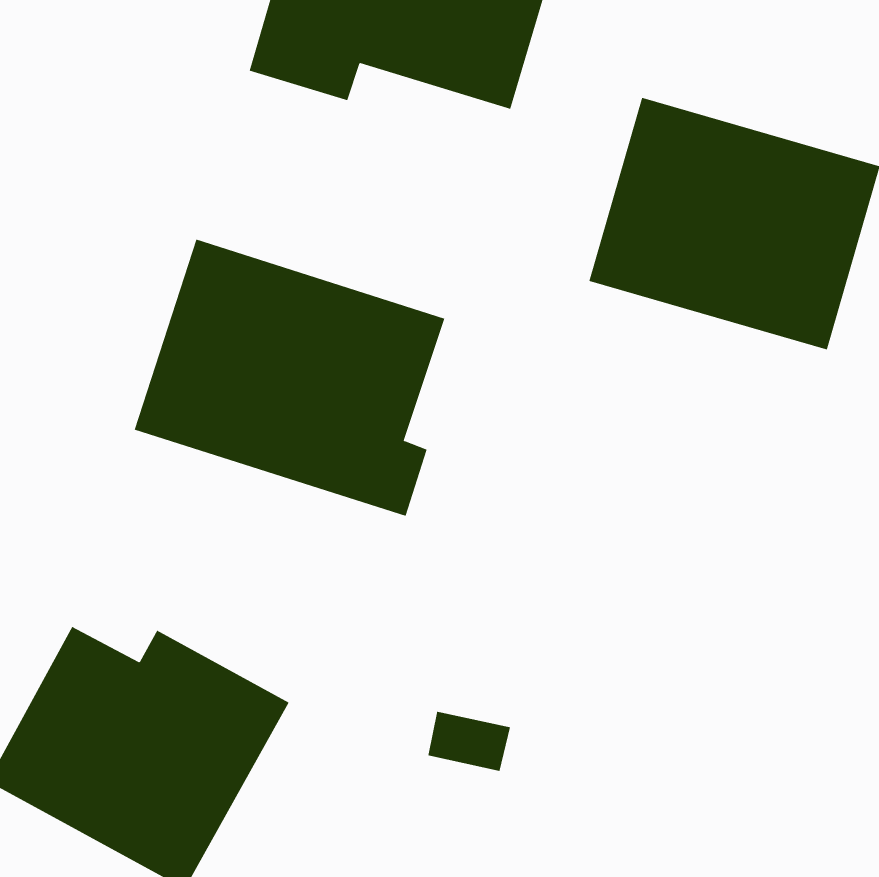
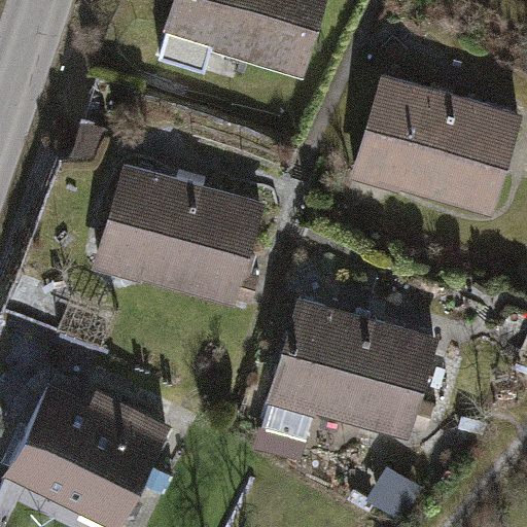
building: none -> [270,303,437,435]

